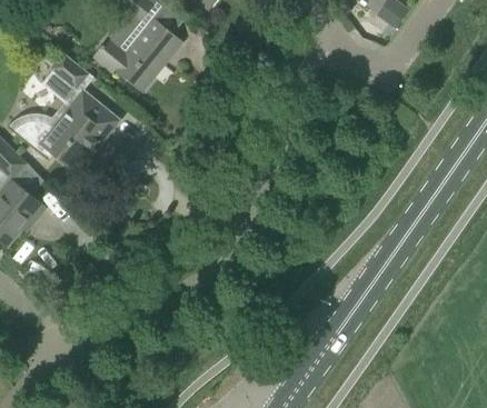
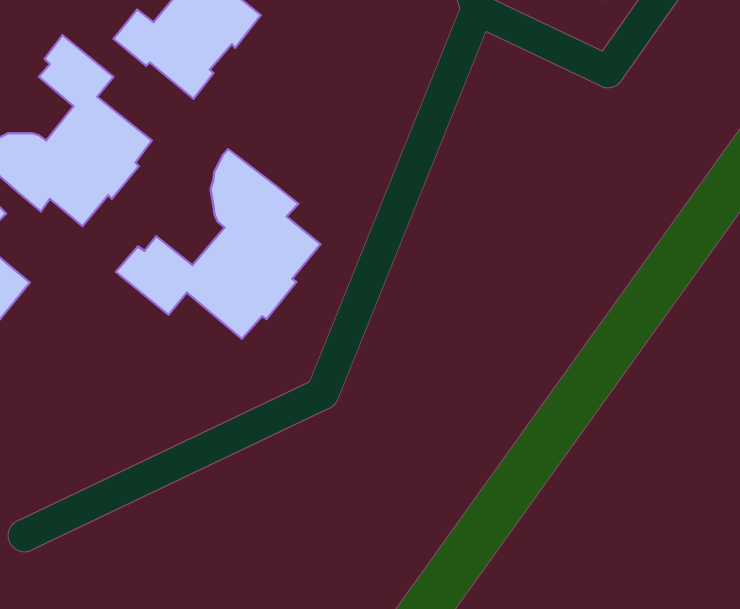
building: none -> [116,149,321,339]

